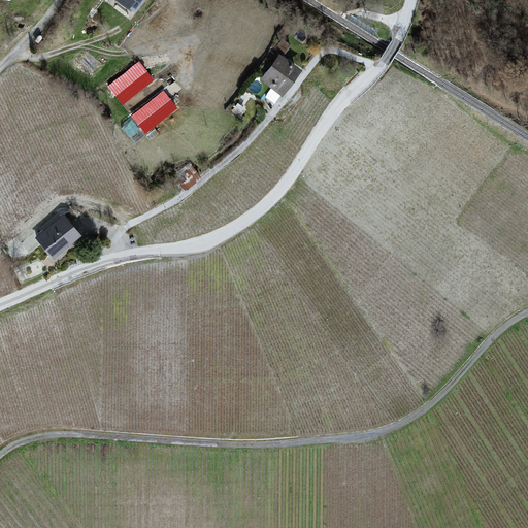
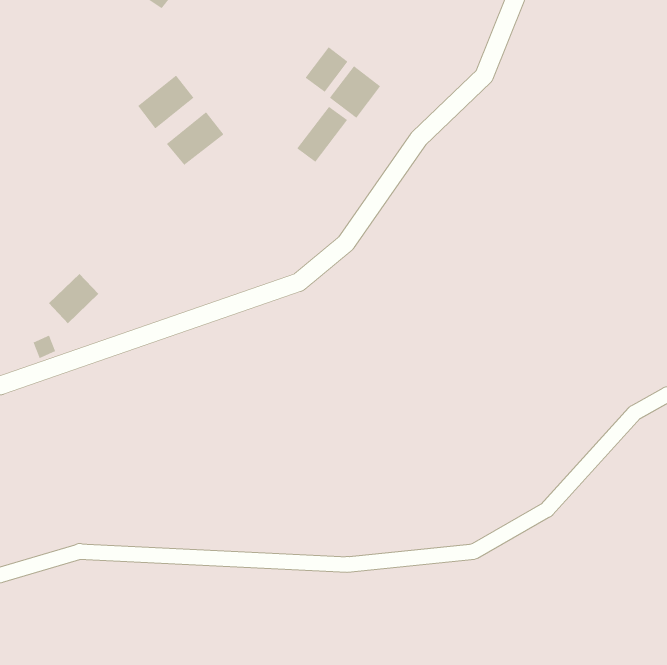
building: none -> [305,46,349,93]
building: none -> [296,106,348,163]

